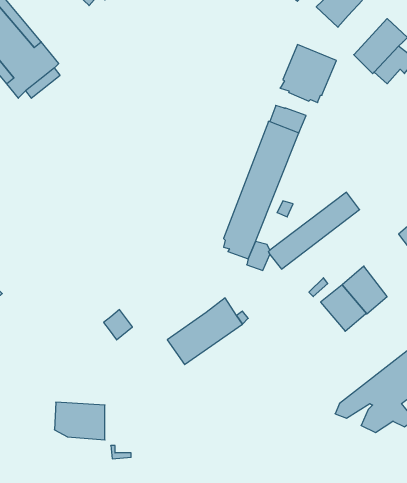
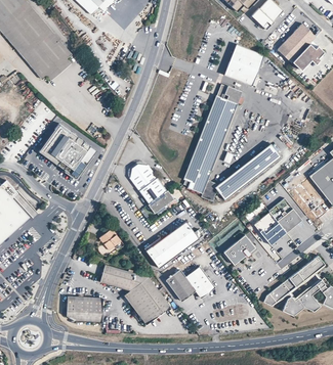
building: none -> [38,125,95,179]
building: none -> [130,161,174,211]
building: none -> [223,234,255,265]
building: none -> [99,264,170,323]
building: none -> [165,267,214,301]

